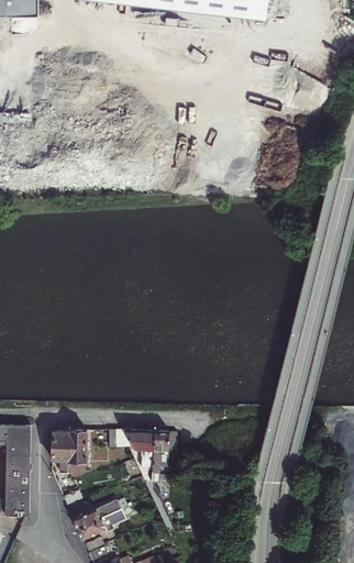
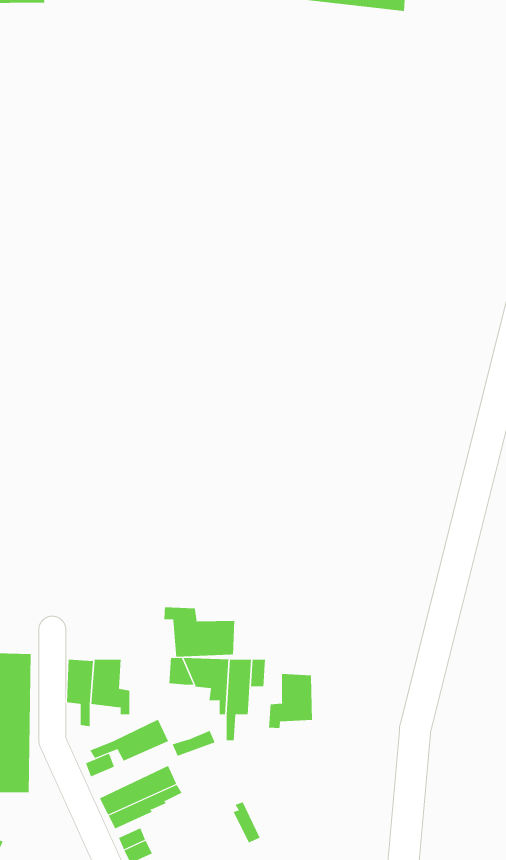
building: none -> [164,607,235,657]
building: none -> [269,673,312,729]
building: none -> [90,719,169,762]

